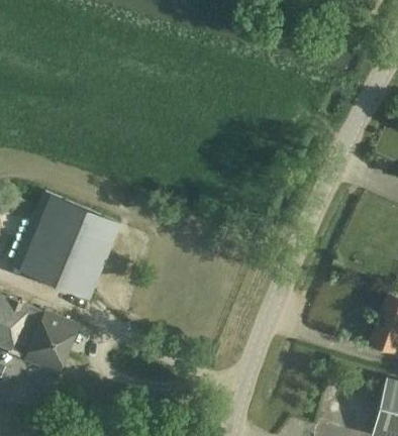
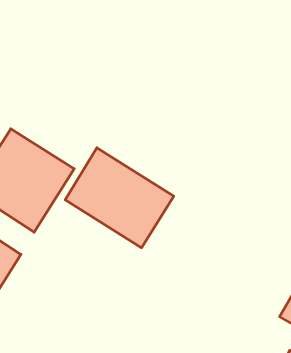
building: none -> [65,148,174,248]

